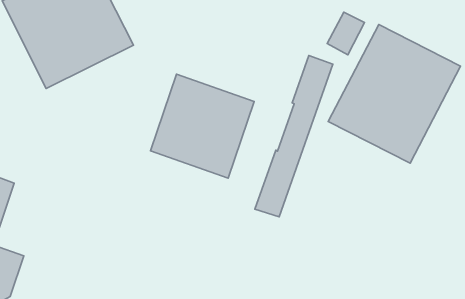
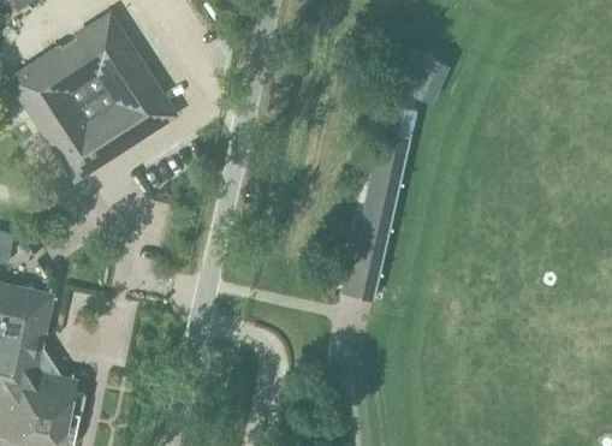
building: [328,24,461,163] -> none
building: [150,74,254,178] -> none

